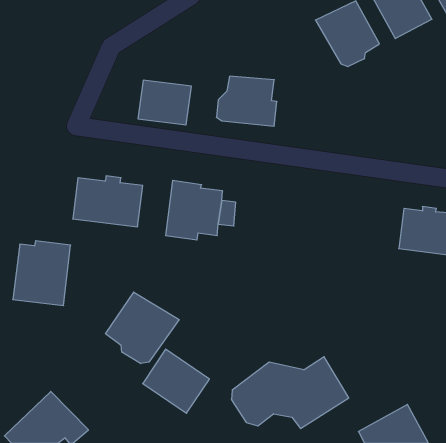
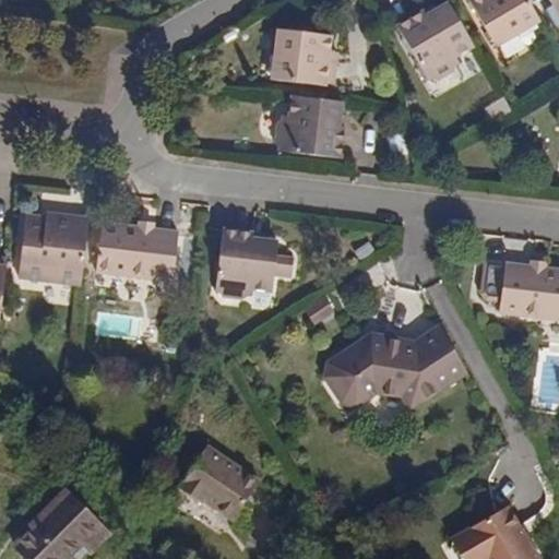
building: [138,80,191,125] -> [269,28,335,84]
building: [13,241,71,306] -> [15,209,87,289]
building: [105,292,179,364] -> none
building: [231,357,349,429] -> [325,326,472,416]

